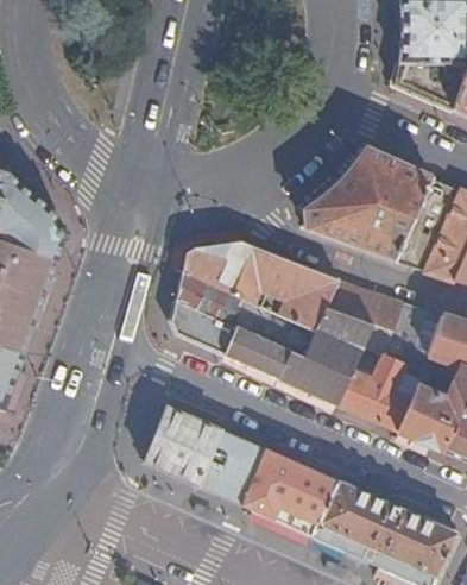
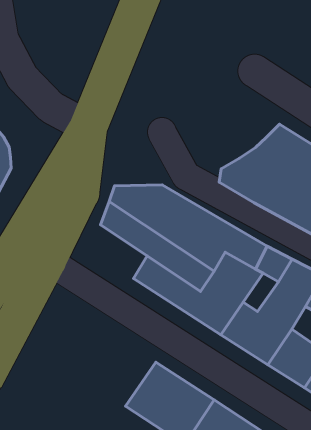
building: [170,297,234,353] -> none
building: [140,402,263,502] -> none

